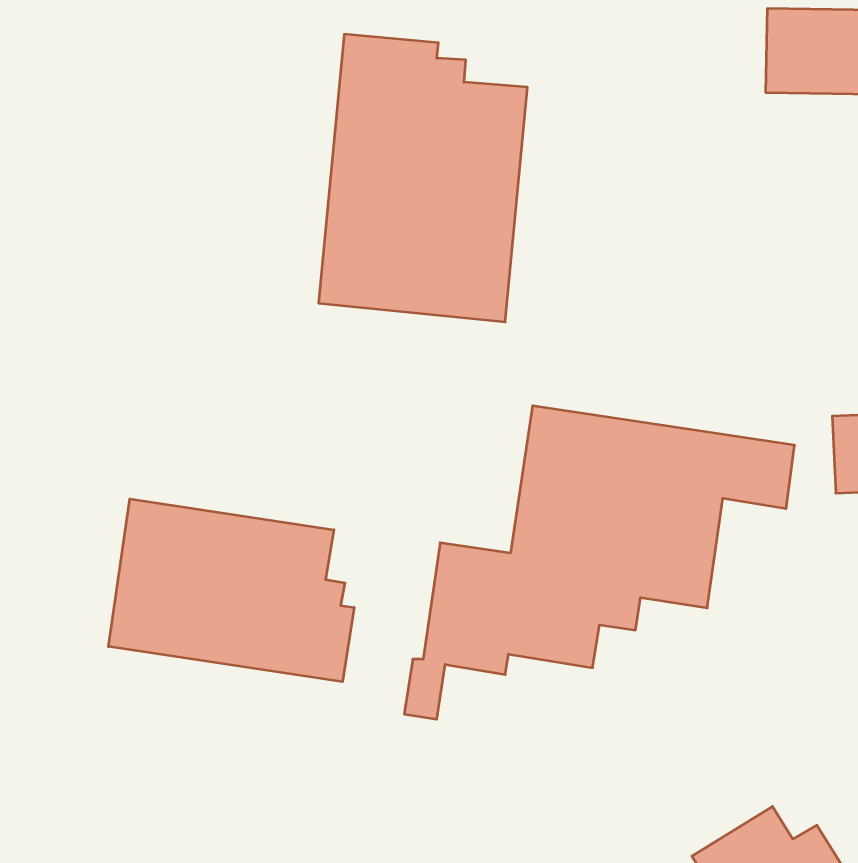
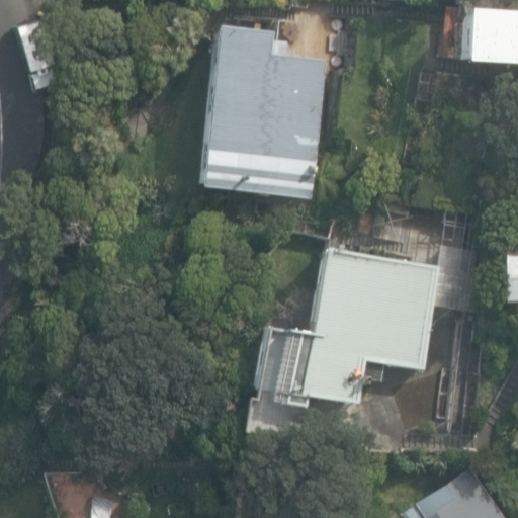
building: [108,499,354,682] -> none

